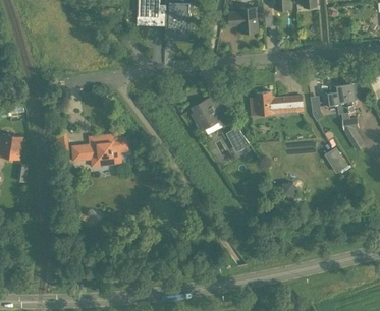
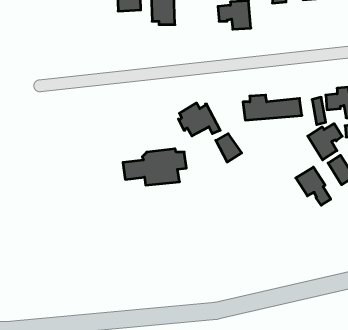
building: none -> [308,124,342,160]
building: [71,134,128,167] -> [123,149,186,185]
building: none -> [296,167,331,205]

